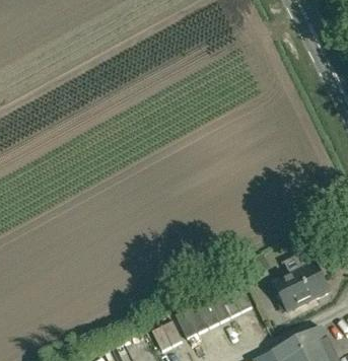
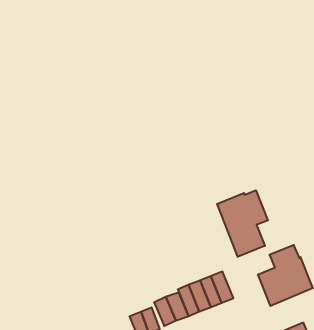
building: none -> [217,190,268,257]

